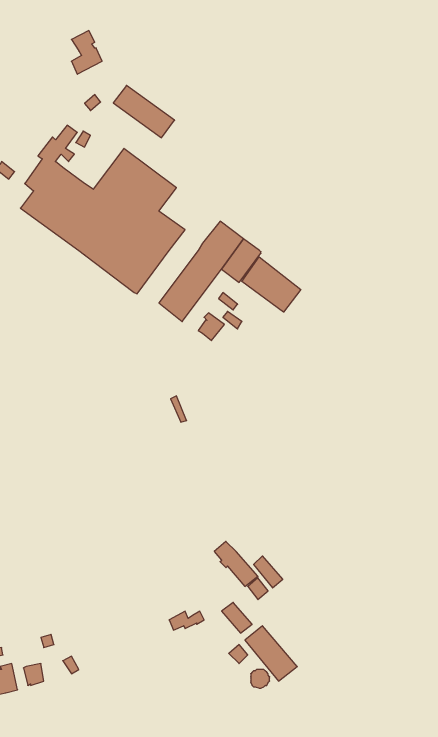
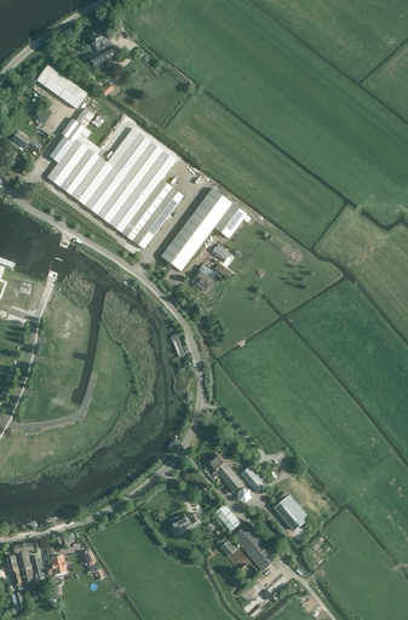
building: [113,85,175,138] -> [36,64,87,108]
building: [242,257,301,312] -> none
building: none -> [274,492,308,530]

